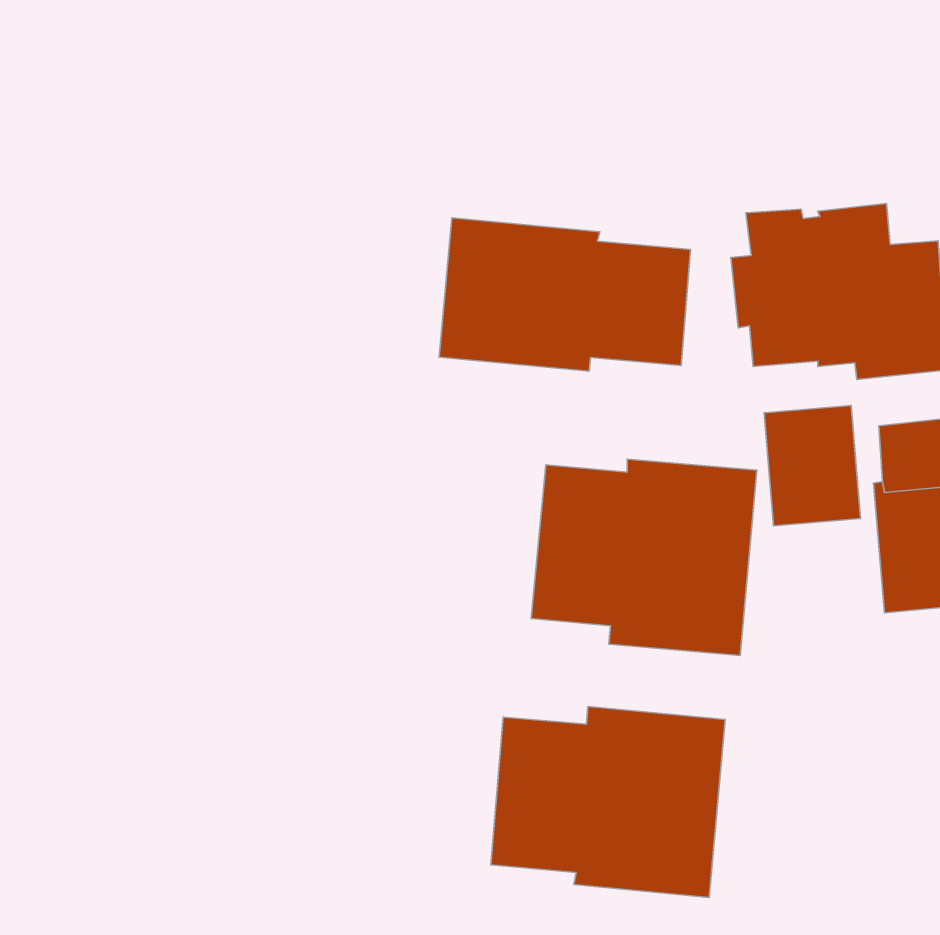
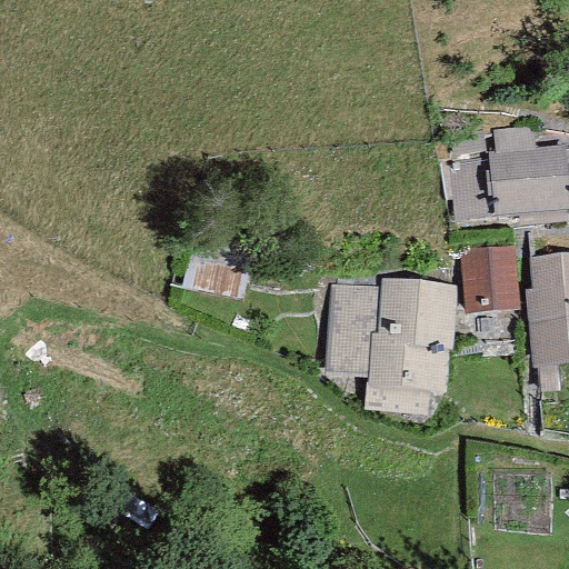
building: [439,218,691,371] -> none
building: [491,706,725,897] -> none

